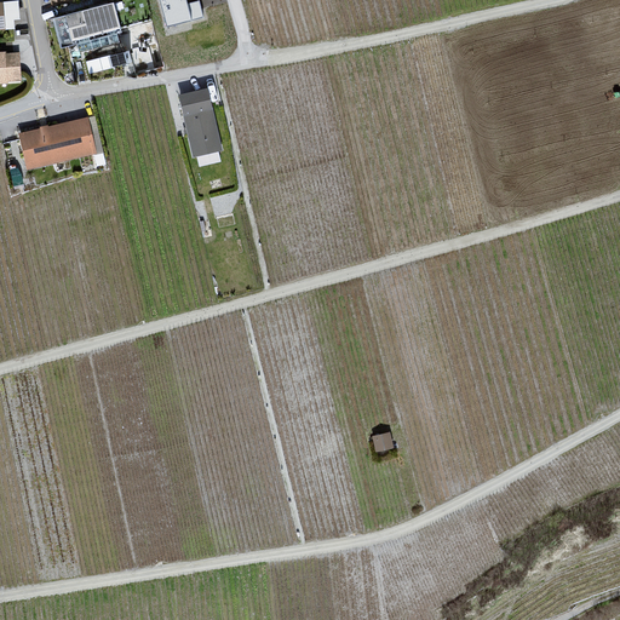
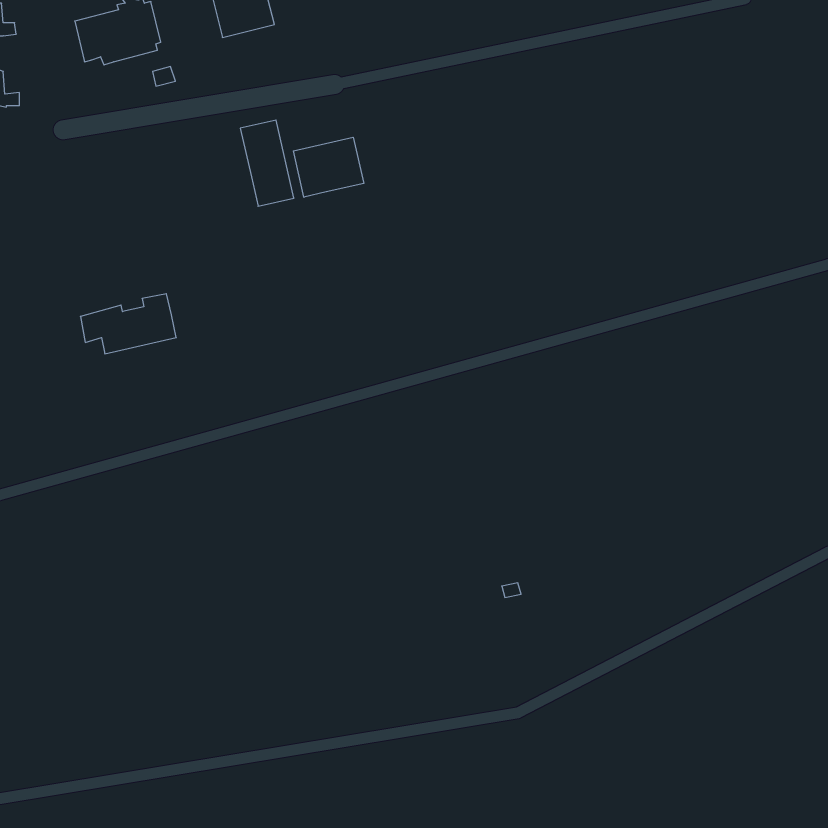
building: none -> [293,137,364,197]
building: [21,117,92,162] -> [80,294,176,354]

